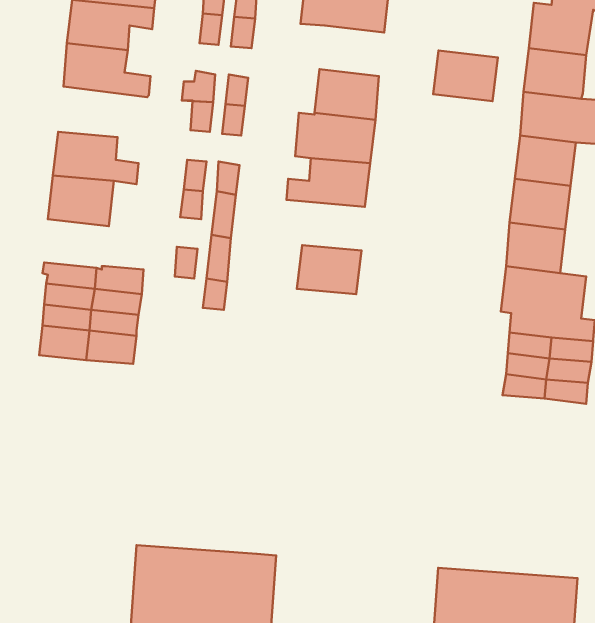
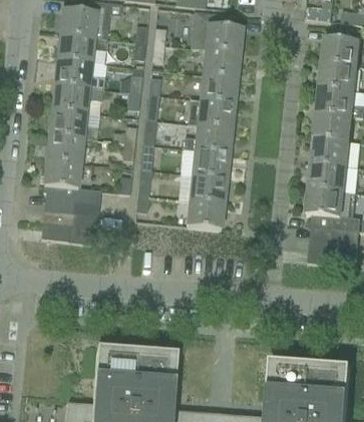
building: [433,50,498,101] -> [202,49,239,78]
building: none -> [51,84,102,113]
building: none -> [180,149,228,178]
building: none -> [43,160,80,189]
building: none -> [187,200,223,230]

